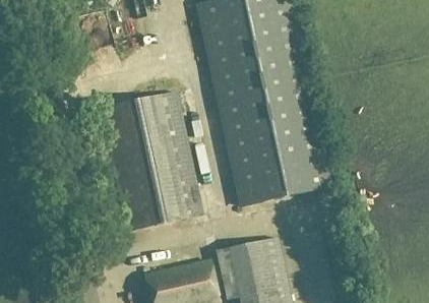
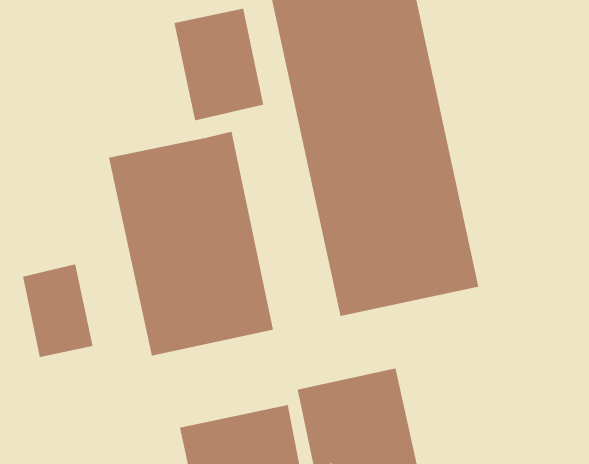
building: none -> [174,8,264,121]
building: none -> [22,264,93,358]

